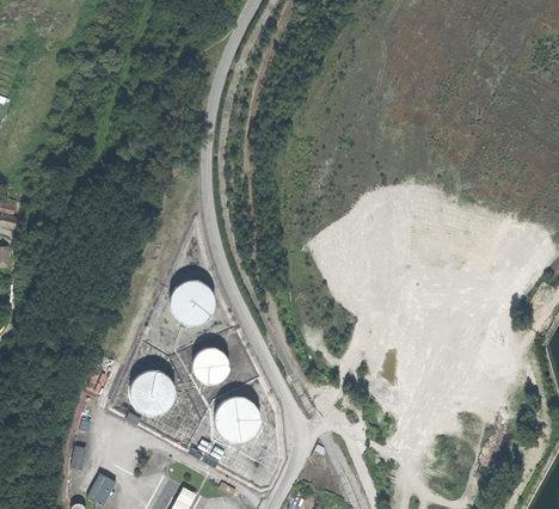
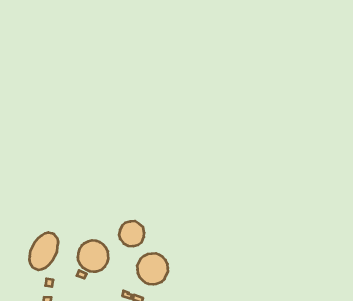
building: [168,280,214,324] -> none
building: none -> [30,232,58,270]

